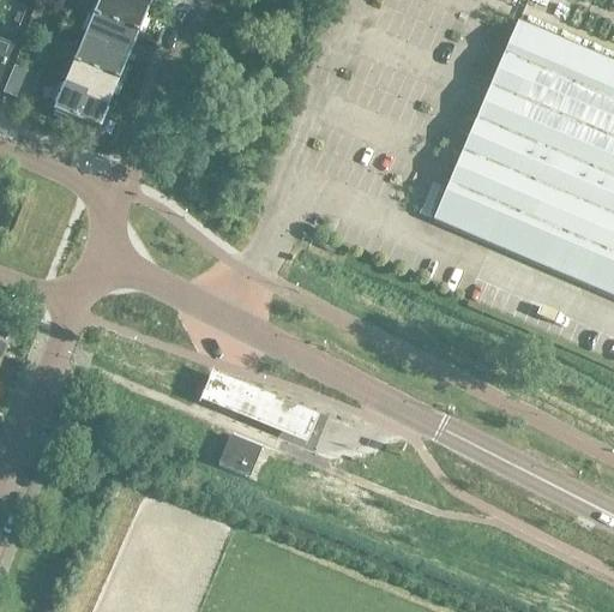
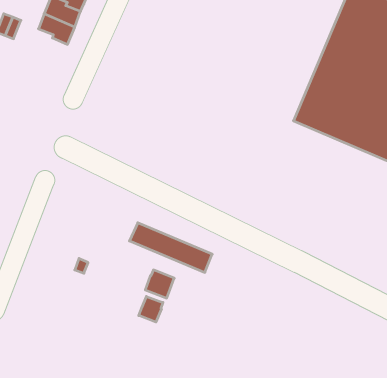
building: [52,84,106,128] -> none
building: none -> [139,296,163,322]

